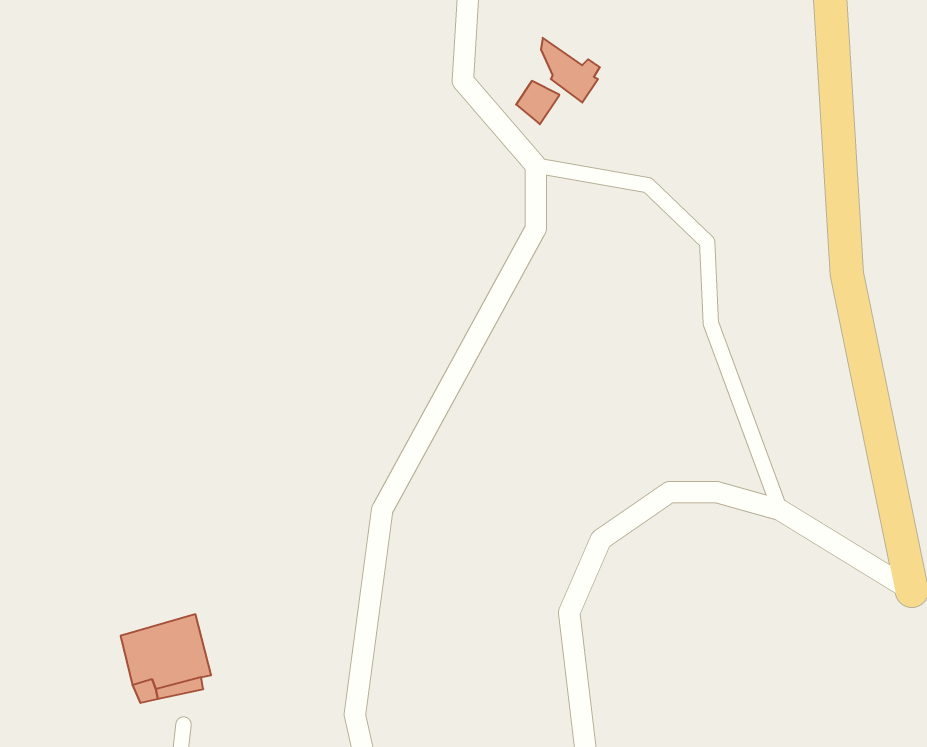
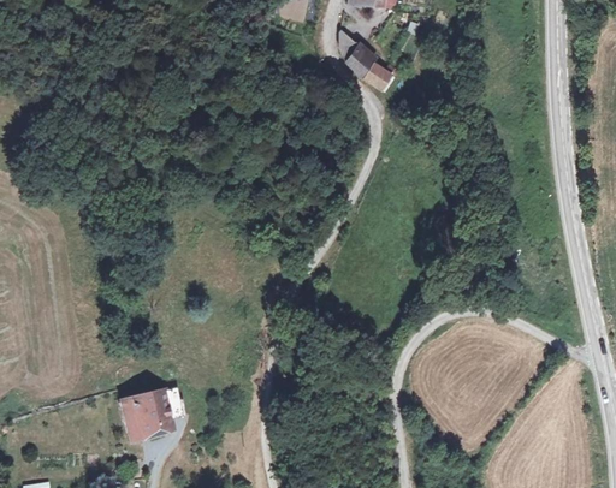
building: [541,38,600,103] -> [337,35,373,75]

